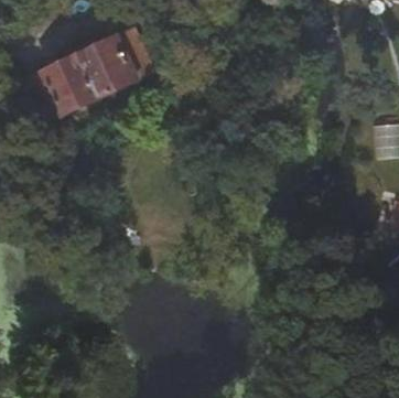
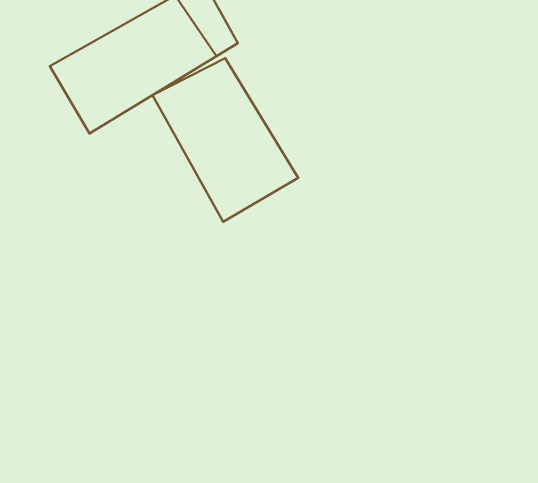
building: none -> [152,58,298,222]

